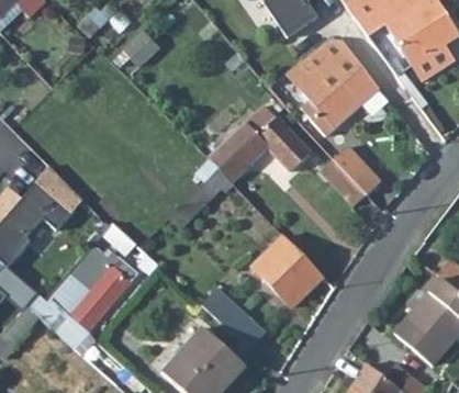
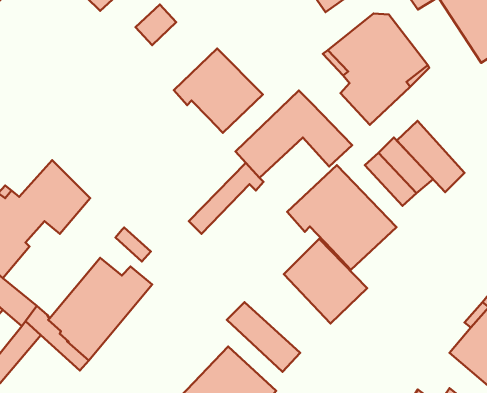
building: none -> [174,48,263,133]
building: none -> [397,121,465,192]
building: none -> [287,165,397,270]

